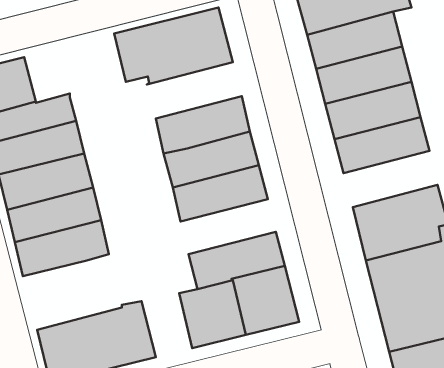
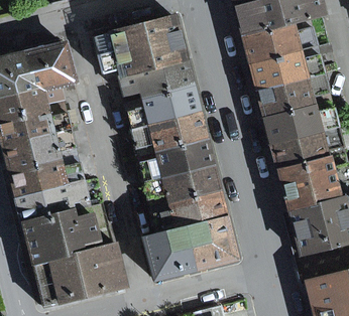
building: none -> [23,44,74,91]
building: none -> [118,59,192,103]
building: none -> [270,128,343,171]
building: none -> [144,165,218,207]
building: none -> [22,212,99,266]

